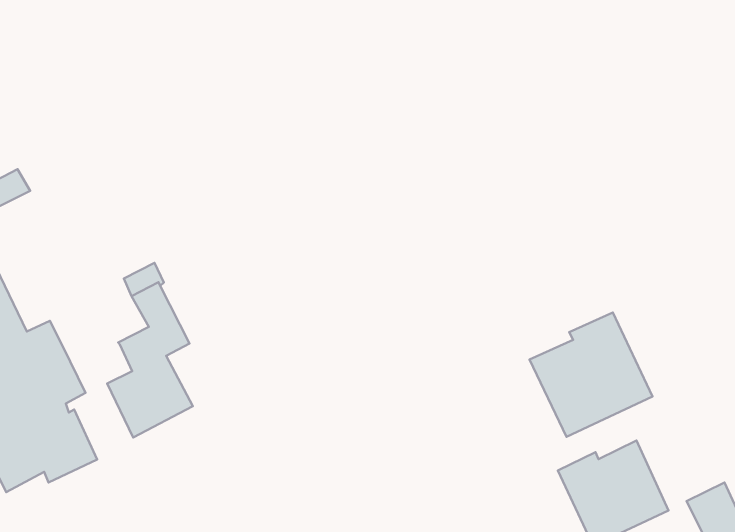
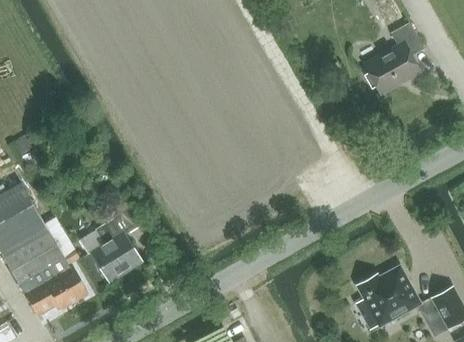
building: none -> [363,23,422,94]
building: [529,313,652,437] -> none

